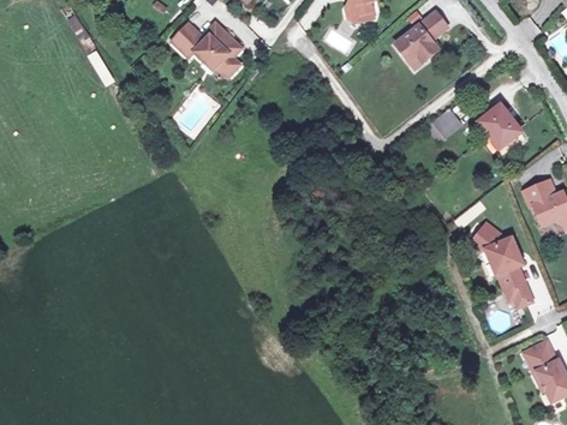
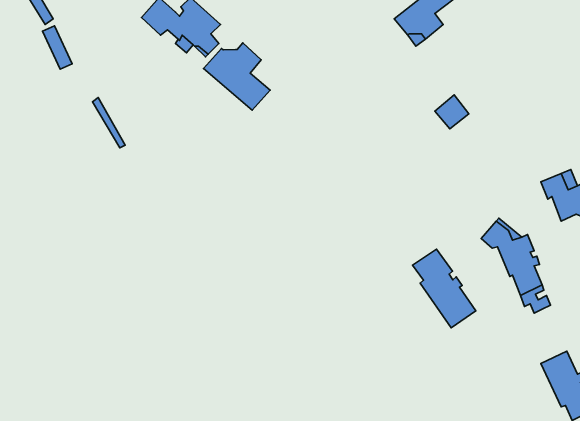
building: none -> [203,43,270,110]
building: [478,108,519,149] -> none
building: none -> [413,249,476,328]

